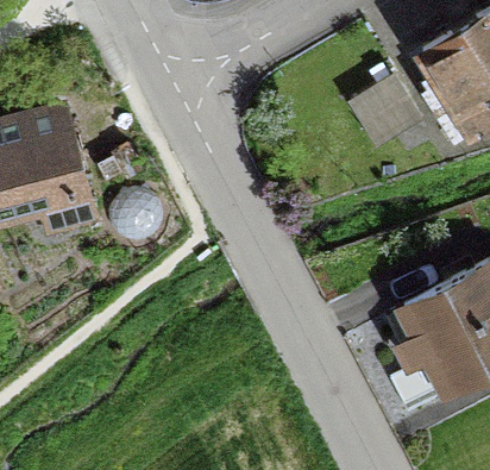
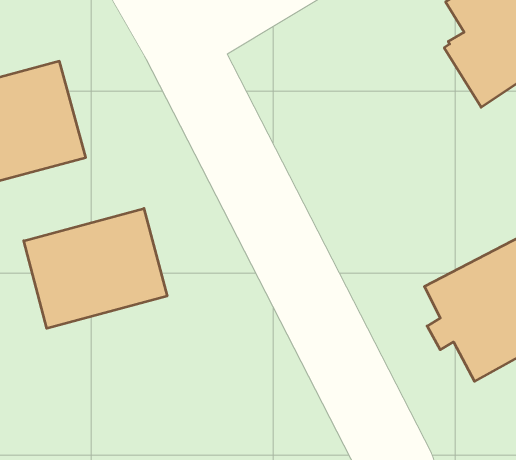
building: none -> [24,208,167,328]

